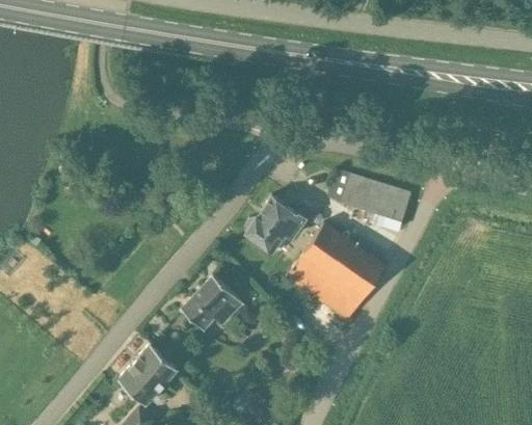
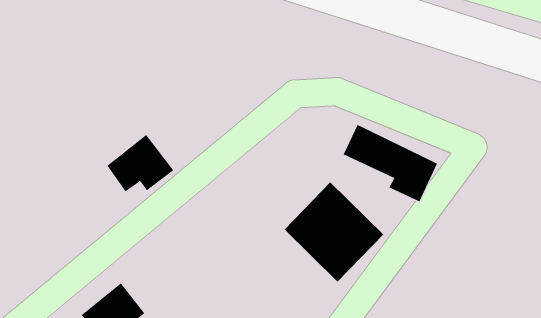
building: [245,198,305,253] -> none
building: [182,275,243,330] -> [106,134,174,192]

